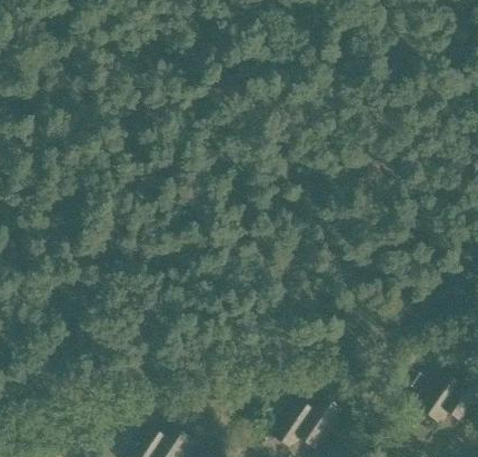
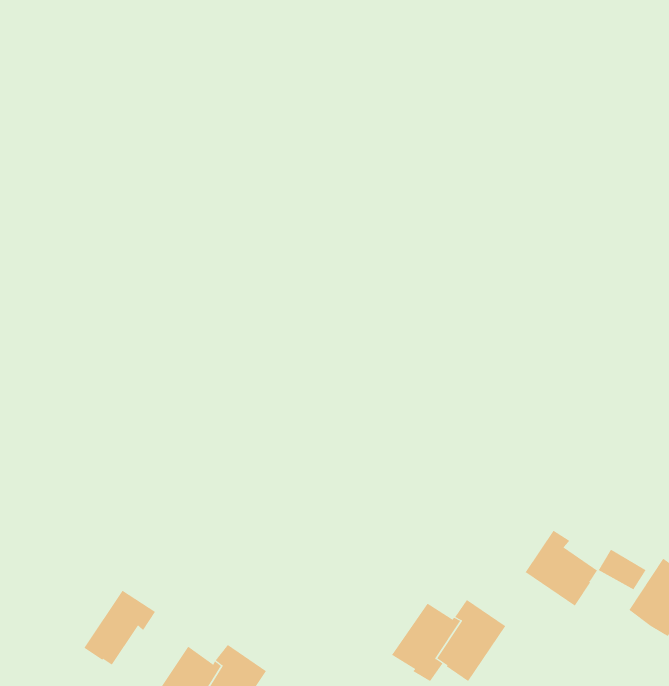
building: none -> [525,530,598,606]
building: none -> [84,590,156,666]

